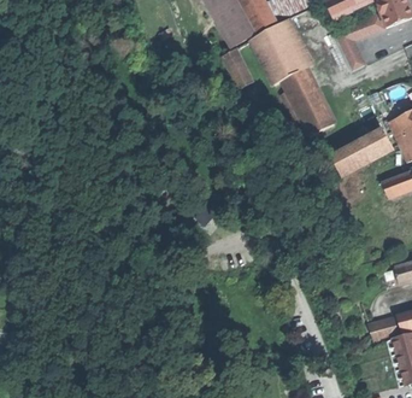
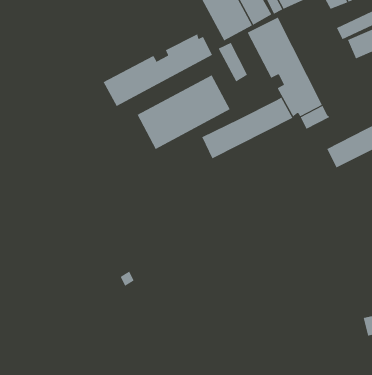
building: none -> [103,33,213,107]
building: none -> [137,74,231,150]
building: none -> [202,97,293,159]

